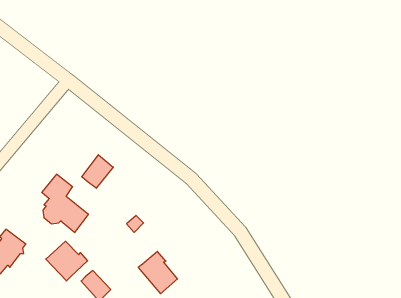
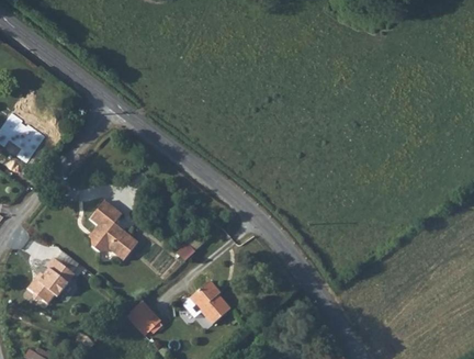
building: [82,155,113,188] -> none
building: [46,241,88,281] -> none

